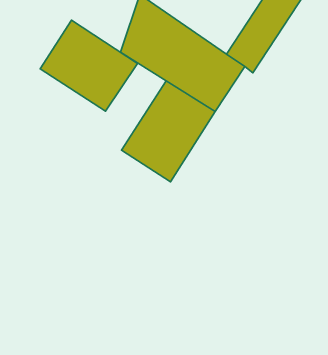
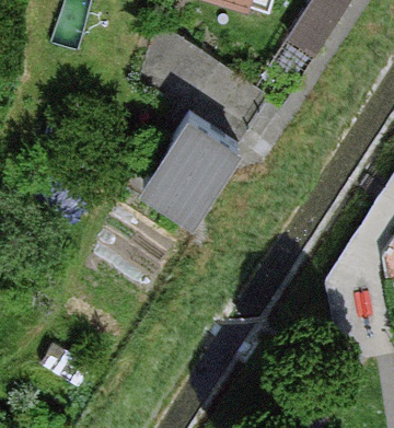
building: [40,20,137,111] -> none

